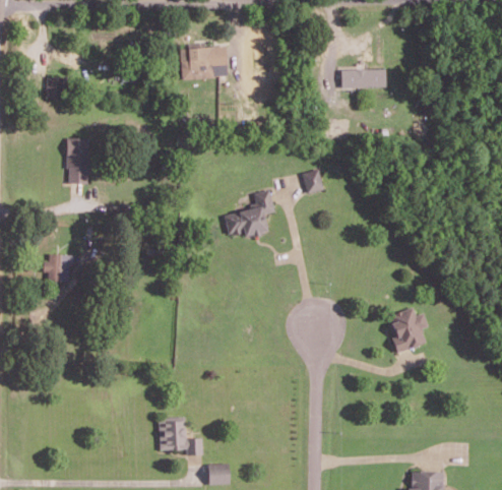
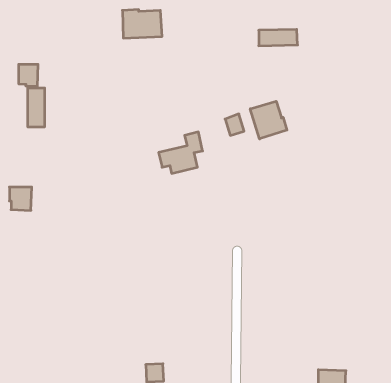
building: none -> [19,64,38,87]
building: none -> [250,101,287,139]
building: [386,308,428,353] -> none
building: [159,418,202,455] -> none

